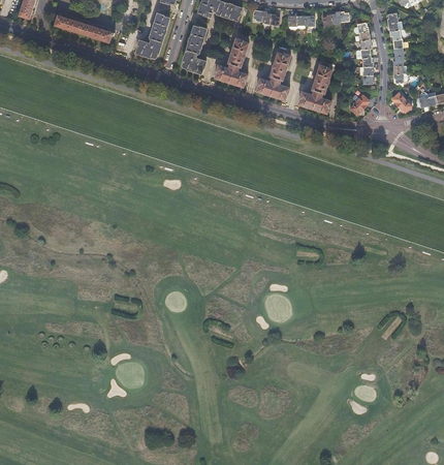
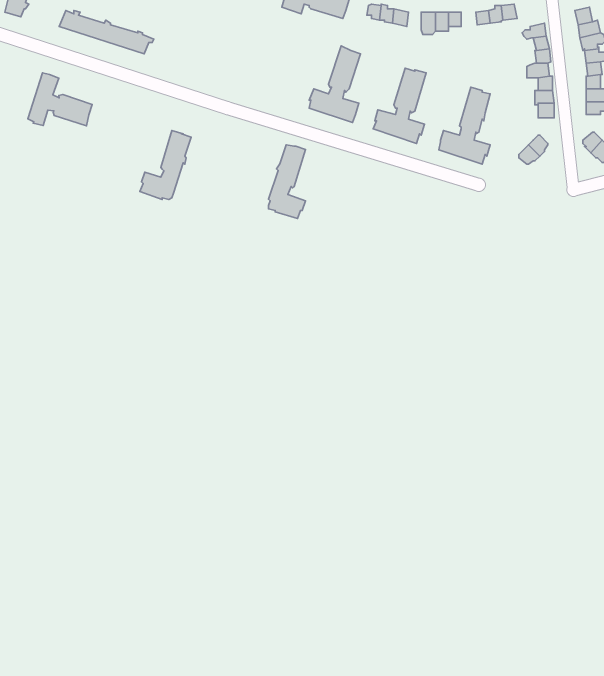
building: [135,13,168,58] -> [140,131,191,199]
building: [182,26,205,73] -> [269,145,305,218]
building: none -> [28,73,92,126]

